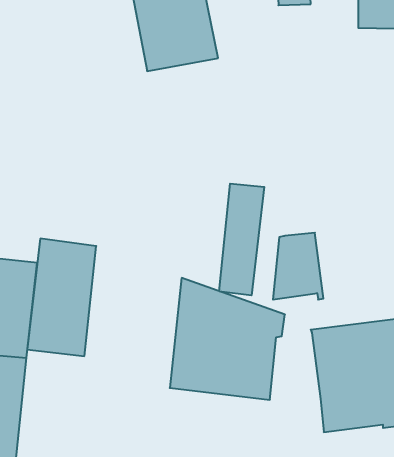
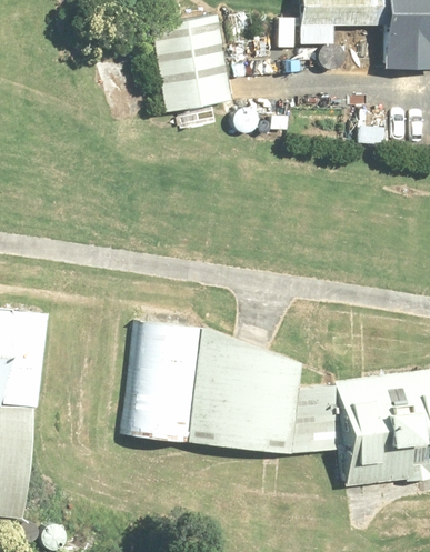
building: [219,184,264,295] -> none
building: [273,233,323,300] -> [288,383,340,452]
building: [27,239,96,356] -> [126,319,197,440]

